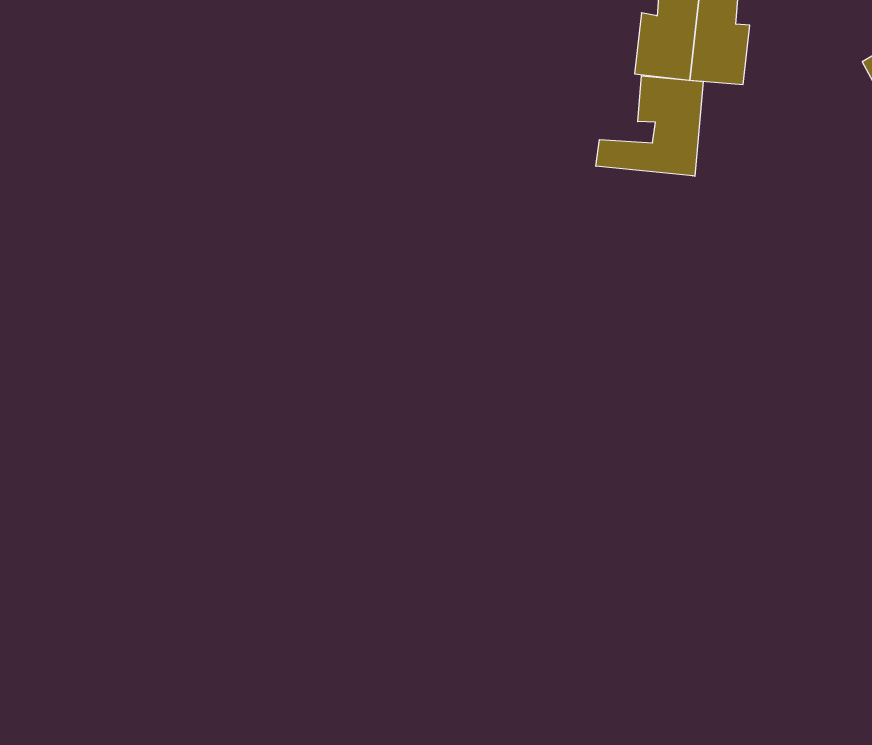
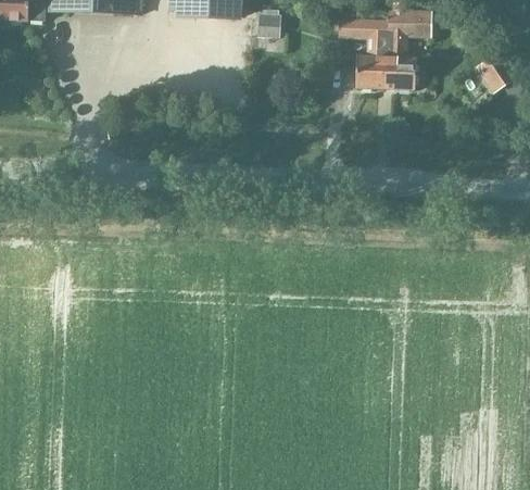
building: [596,76,703,176] -> none

